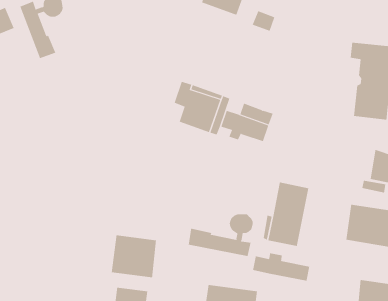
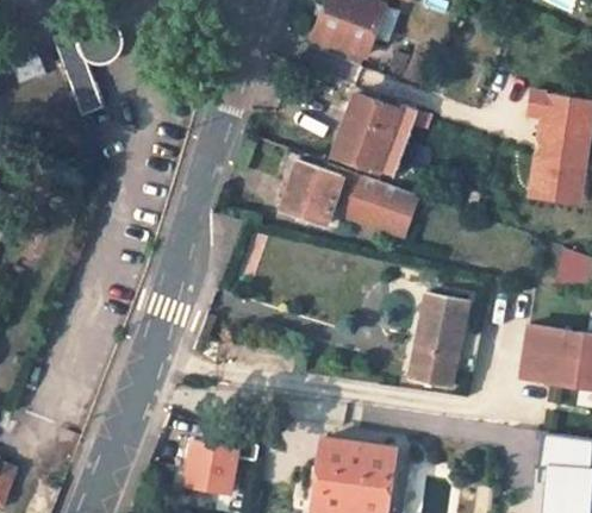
building: none -> [332,79,420,175]
building: [188,214,253,257] -> none
building: [111,234,157,278] -> none
building: [252,252,310,281] -> none

